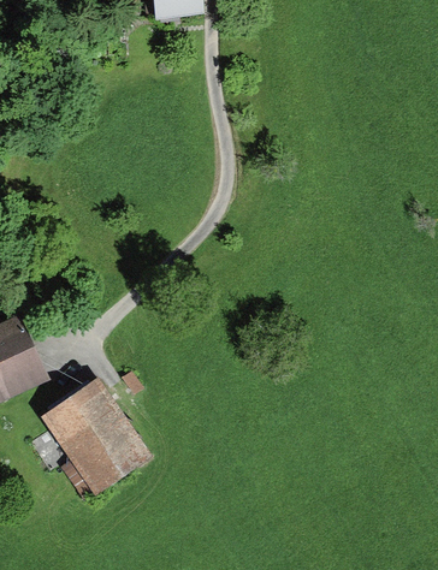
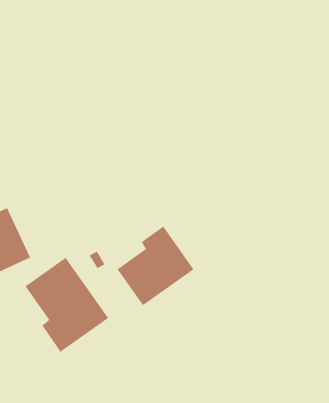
building: none -> [116,225,195,306]

